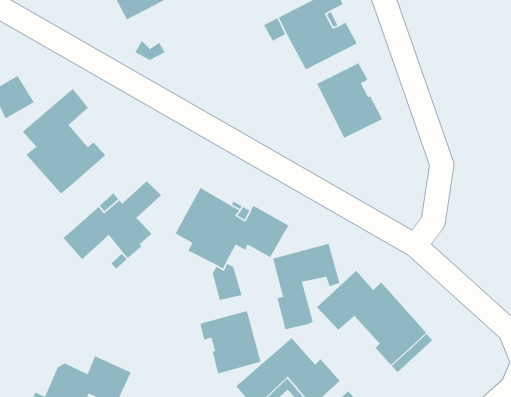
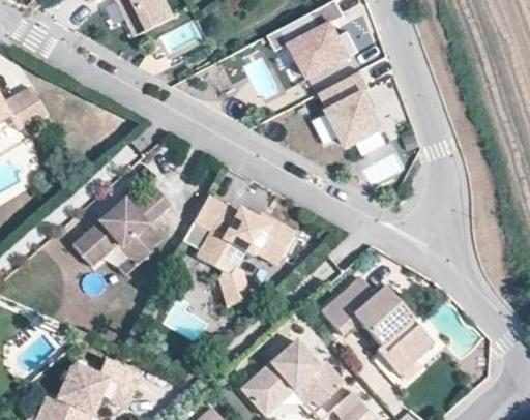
building: [22,88,106,194] -> none
building: [272,243,340,330] -> none
building: [200,310,262,375] -> none

